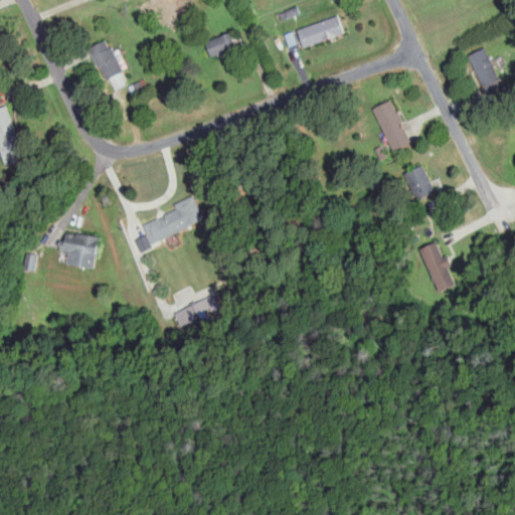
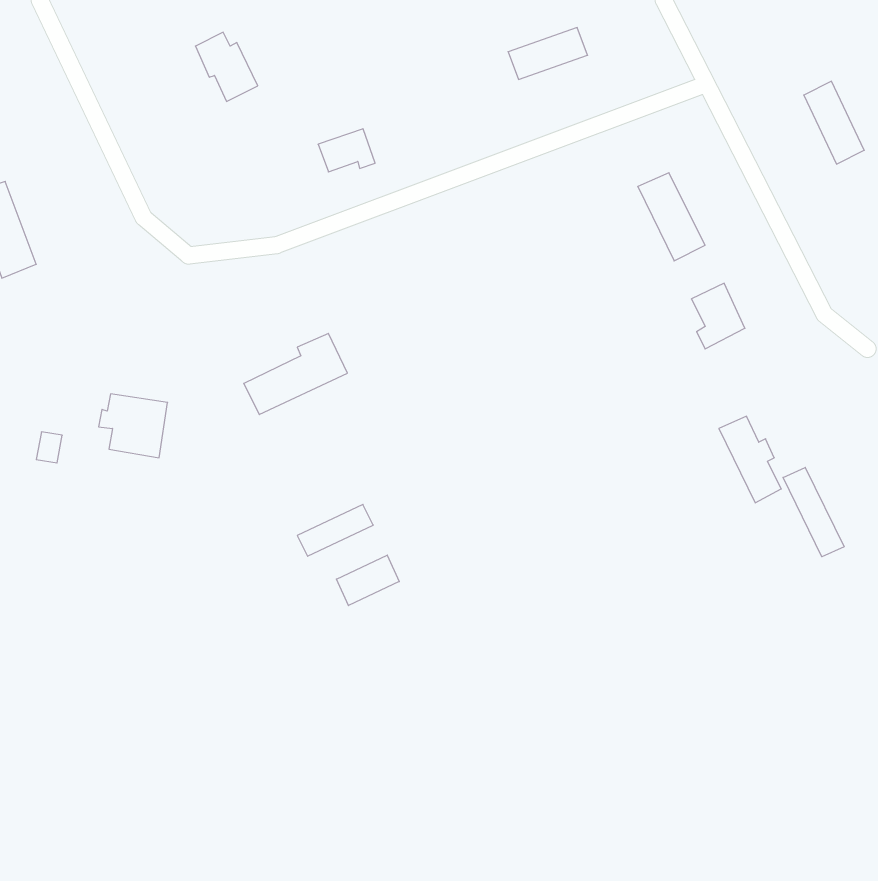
building: [203,33,236,58] -> [318,129,375,172]
building: [87,41,123,81] -> [195,32,258,101]
building: none -> [783,467,844,557]
building: none -> [336,555,399,606]

